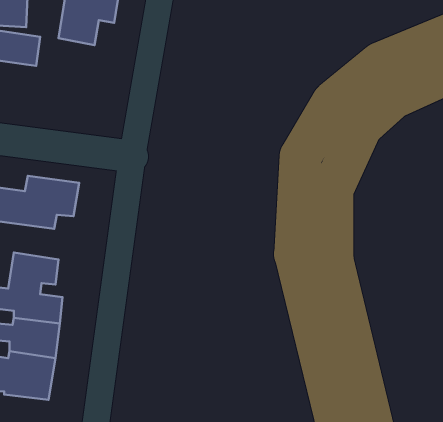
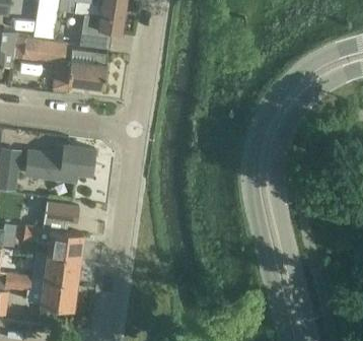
building: none -> [53,50,108,91]

